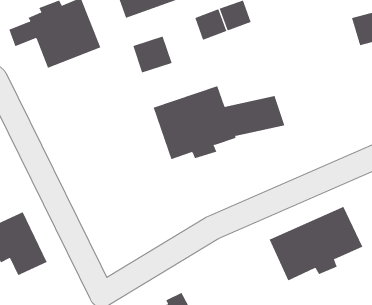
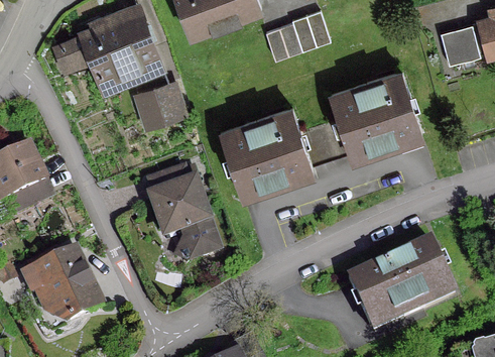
building: [132,36,172,73] -> [135,83,179,124]
building: none -> [346,70,439,153]
building: none -> [149,166,217,259]

